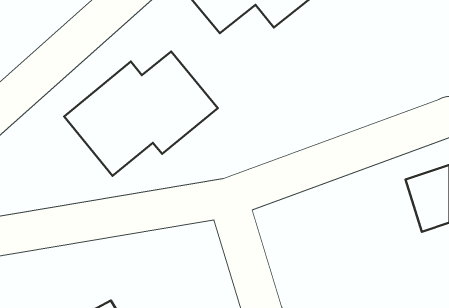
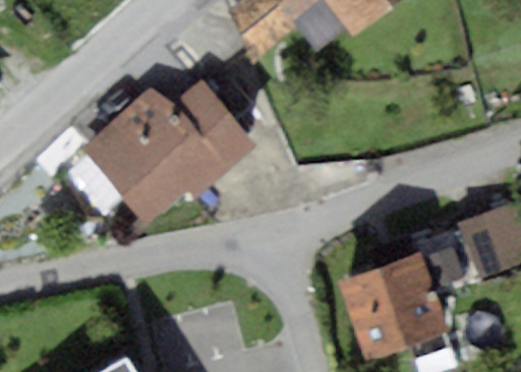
building: none -> [344,258,444,356]

